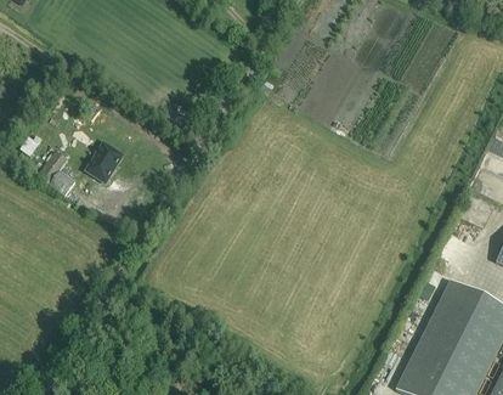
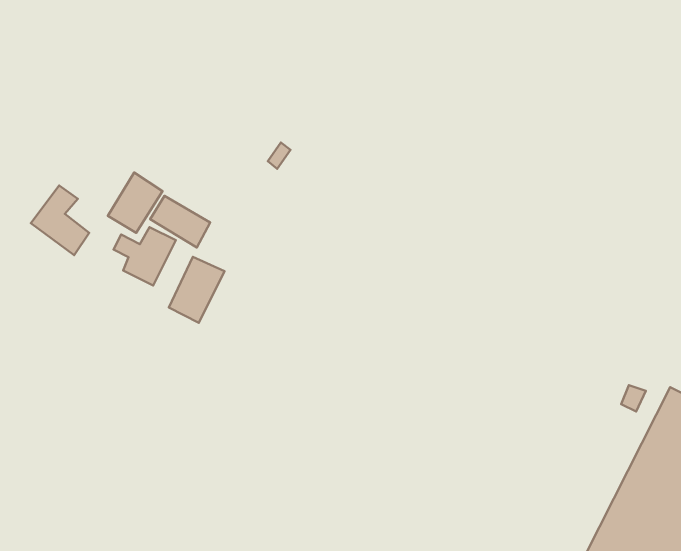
building: none -> [150,196,210,248]
building: none -> [169,257,225,323]

